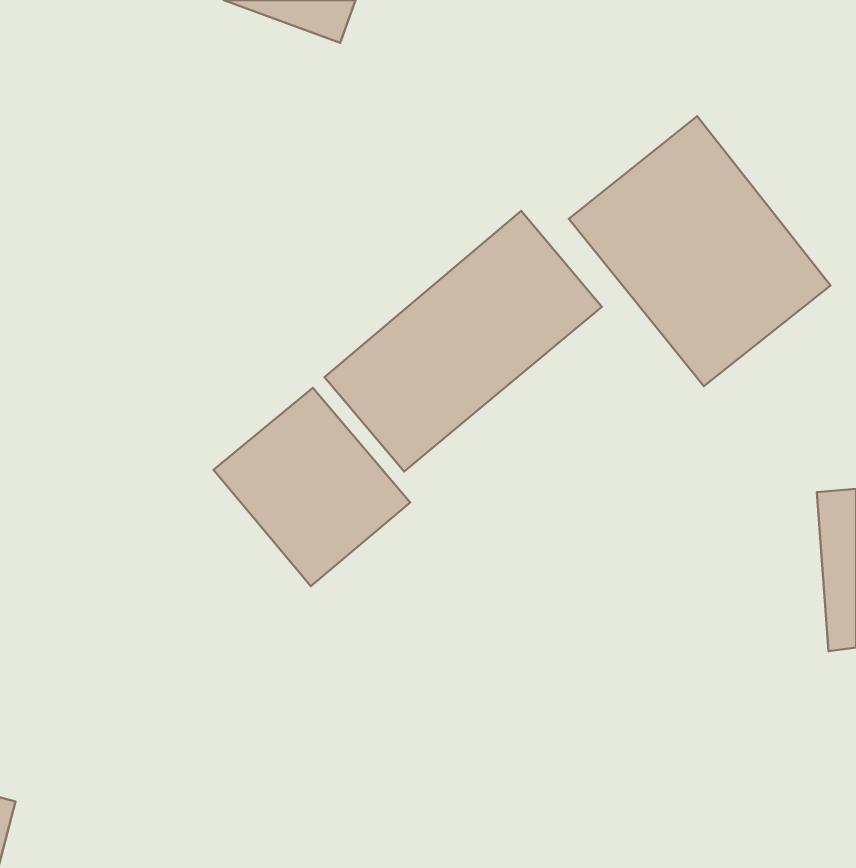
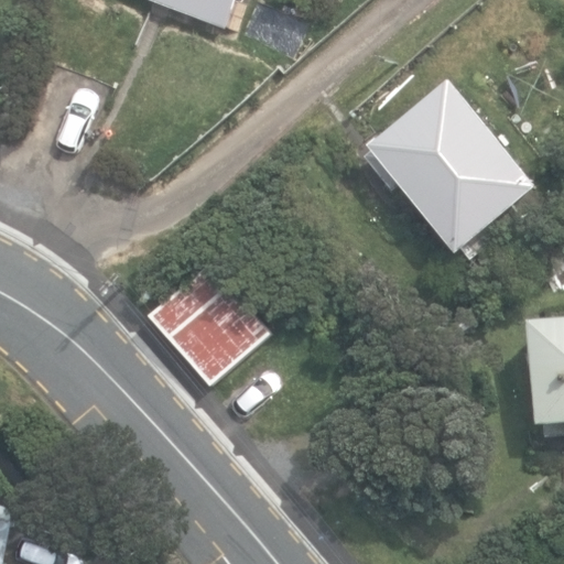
building: [325,211,602,472] -> none

